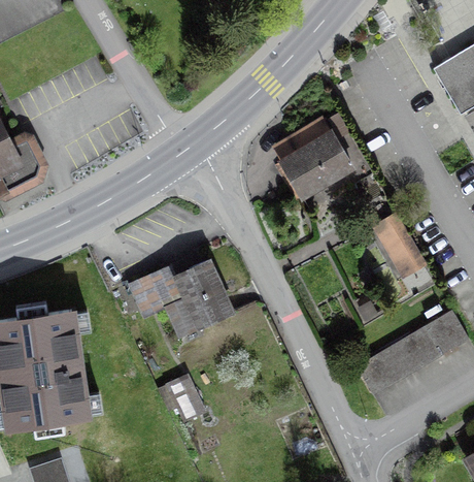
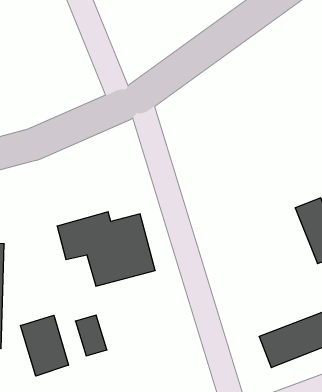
building: [271,111,363,203] -> none
building: none -> [20,315,68,376]

